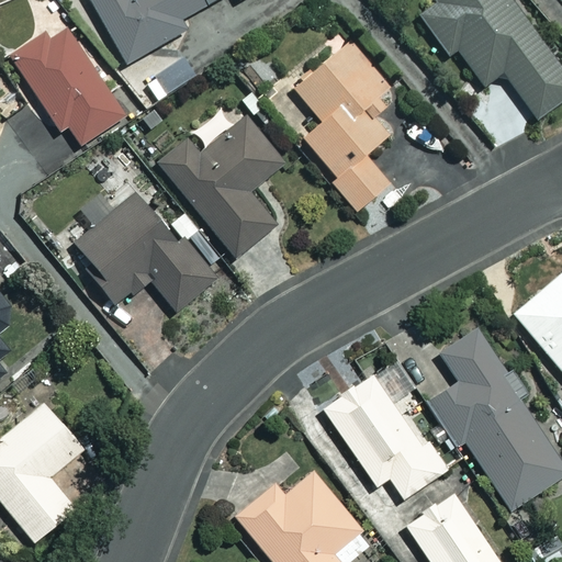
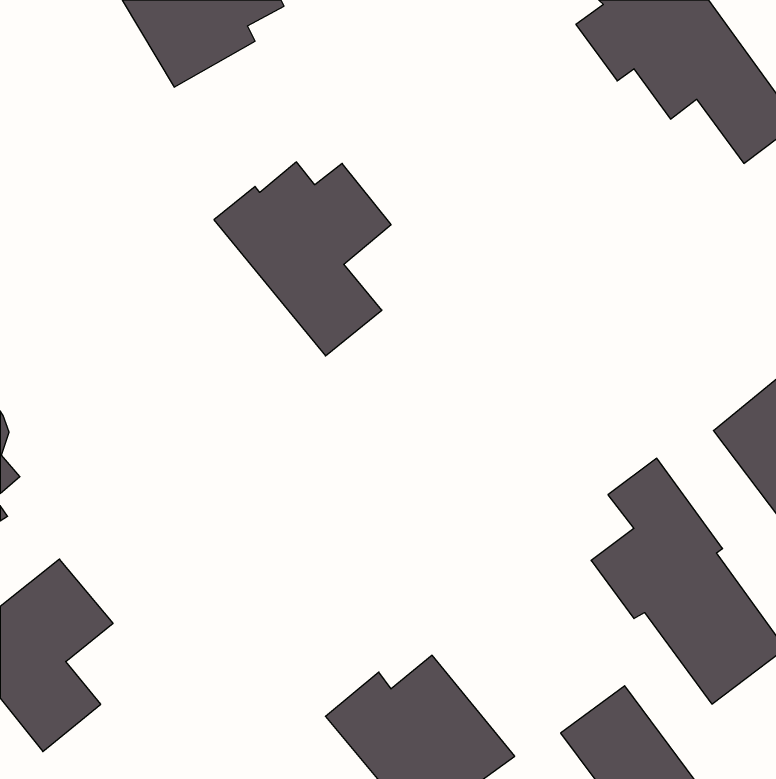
building: [9,30,126,147] -> none
building: [294,40,391,211] -> none
building: [76,192,218,311] -> none
building: [325,374,447,499] -> none

